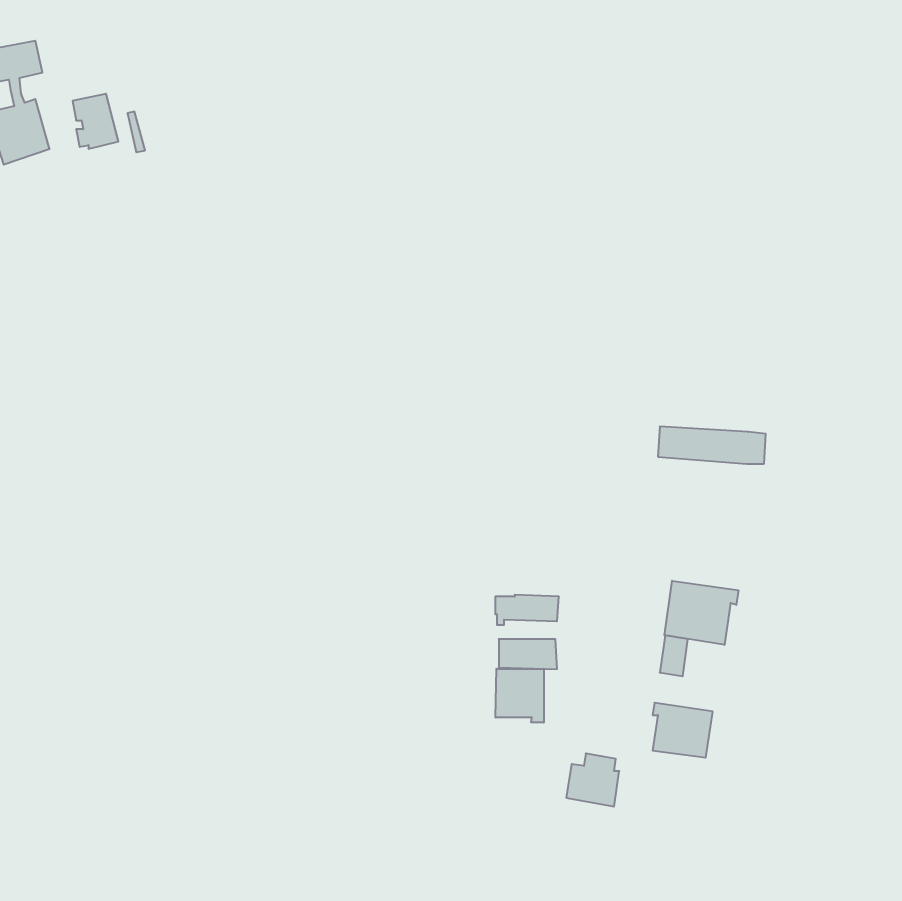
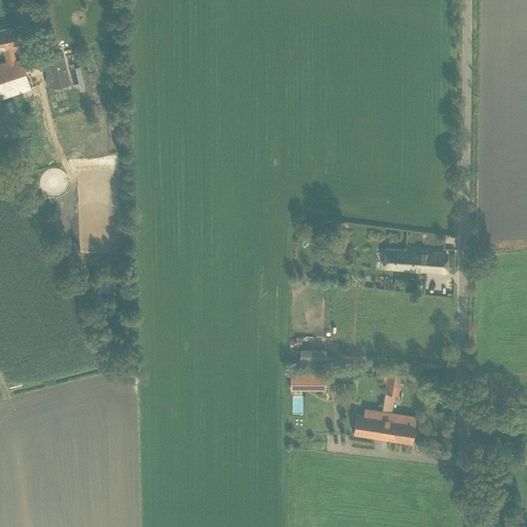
building: [664,581,738,645] -> none
building: [496,669,544,723] -> none
building: [566,753,619,807] -> [352,406,383,436]

